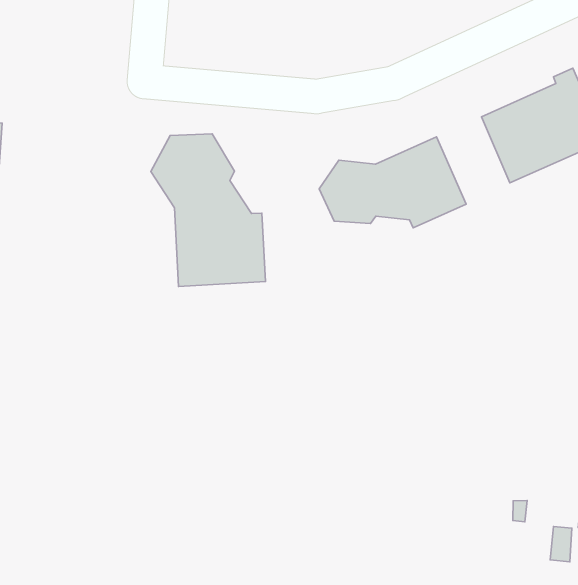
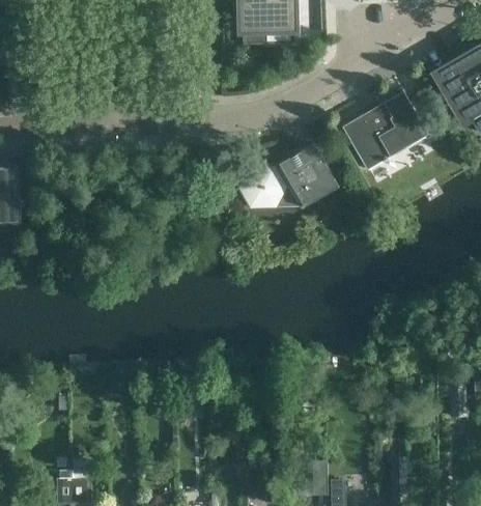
building: [151,134,266,287] -> none

